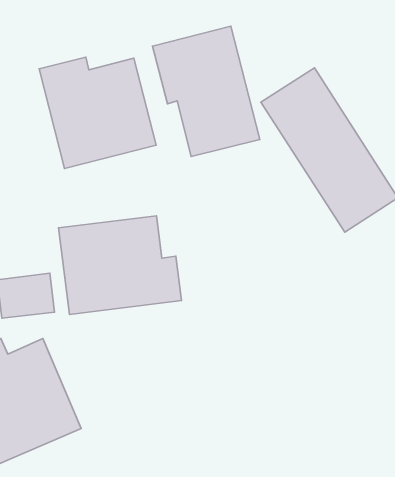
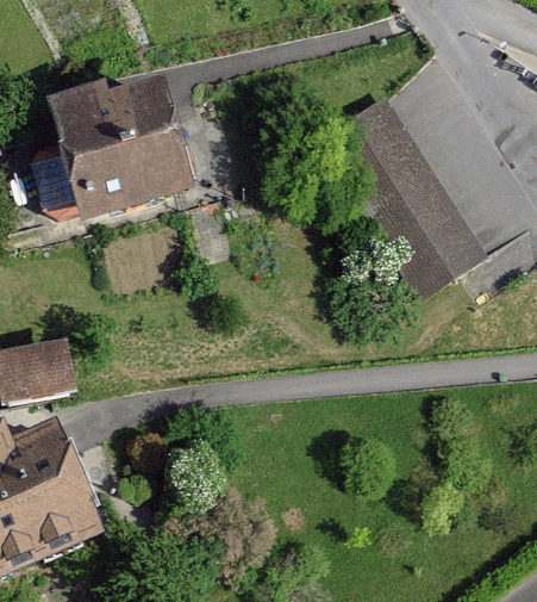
building: [153,26,260,157] -> none
building: [59,216,182,314] -> none

